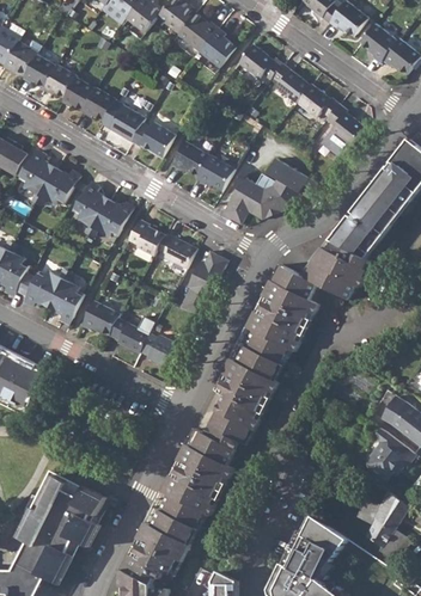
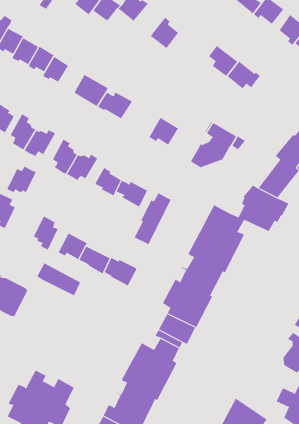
building: [176,11,216,49] -> none
building: [237,42,282,78] -> none
building: [81,86,115,119] -> none
building: [325,102,364,145] -> none
building: [171,140,210,176] -> none
building: [222,176,262,222] -> none
building: [24,270,62,305] -> [6,166,36,193]
building: none -> [36,262,81,296]

